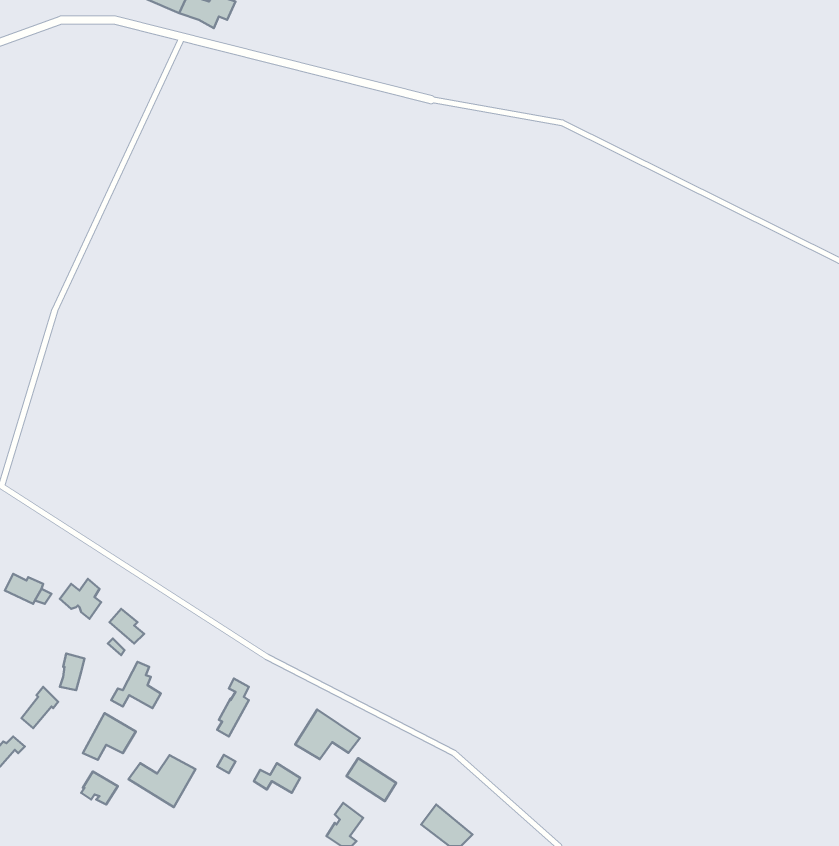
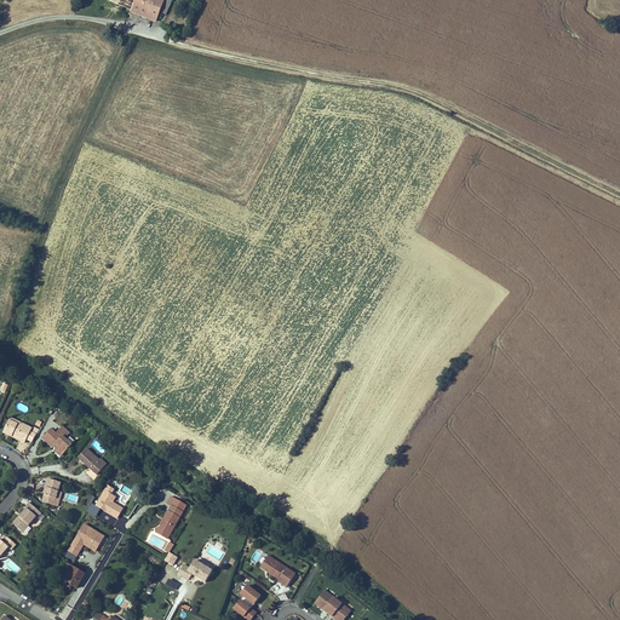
building: [295,710,360,759] -> none
building: [129,755,196,807] -> none

